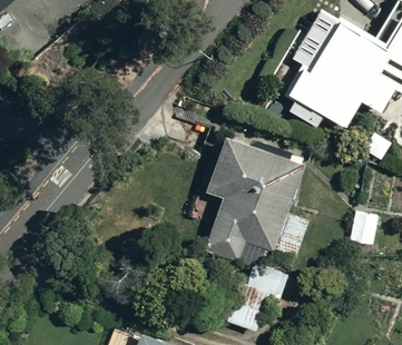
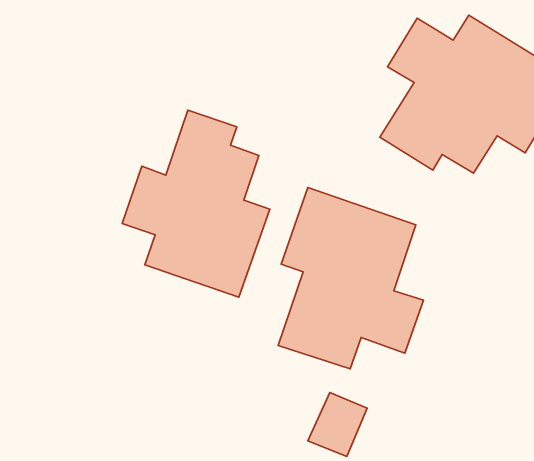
building: none -> [122,110,270,297]

